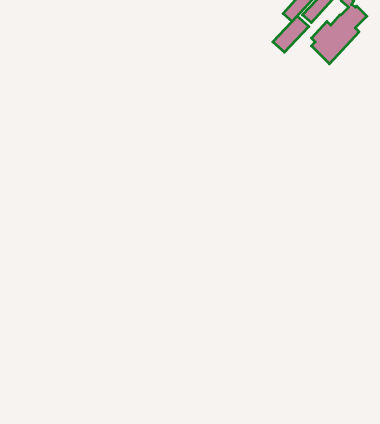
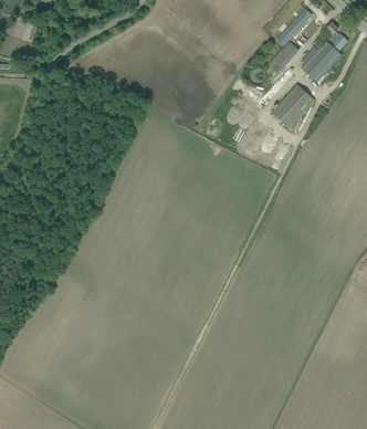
building: none -> [271,85,314,129]

